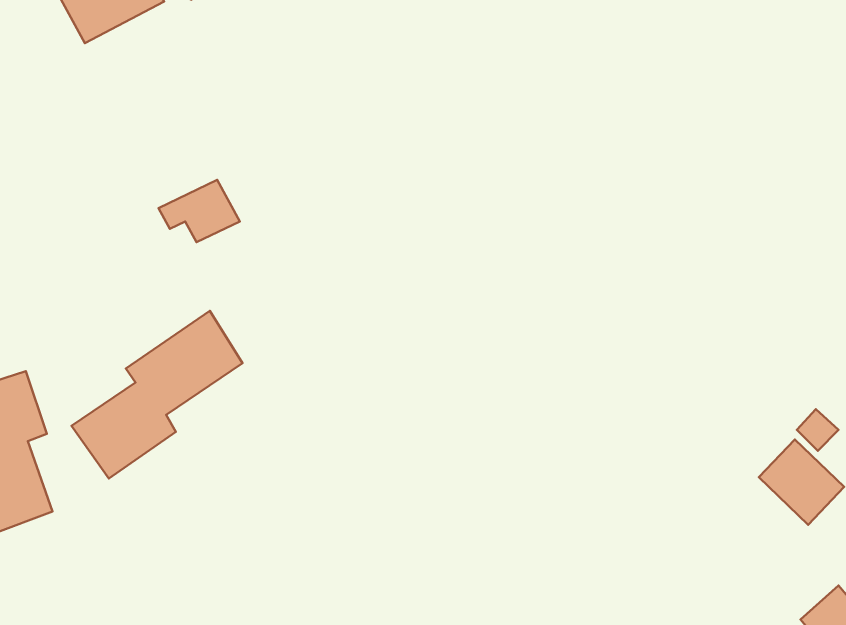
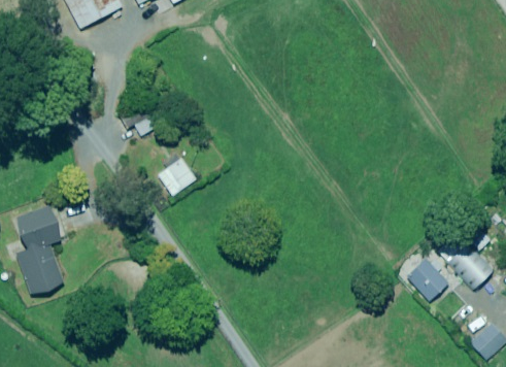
building: none -> [159,159,196,195]
building: [71,311,242,479] -> none
building: none -> [407,258,449,301]

